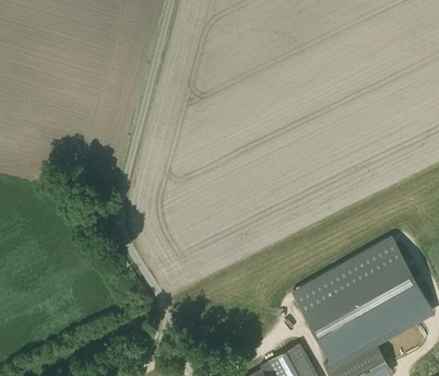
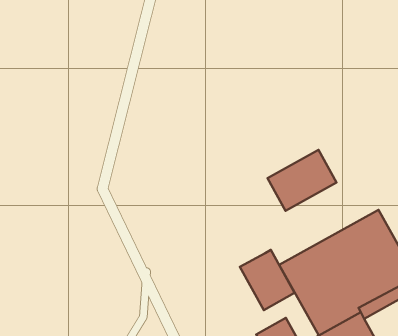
building: none -> [268,150,337,211]
building: none -> [240,250,295,310]

